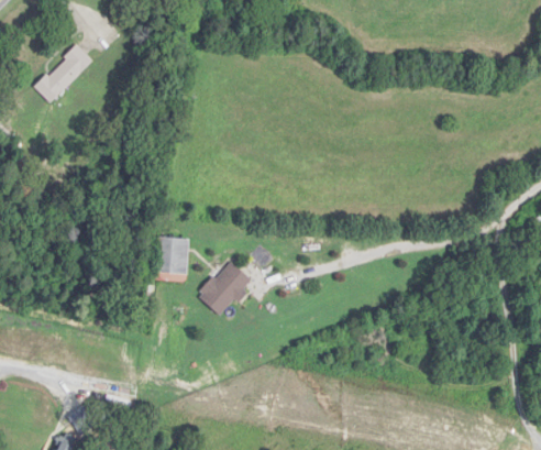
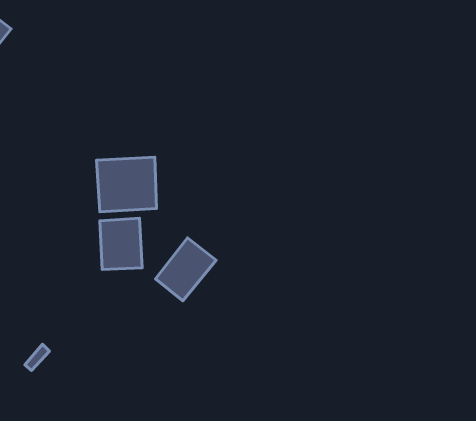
building: none -> [97,157,157,212]

